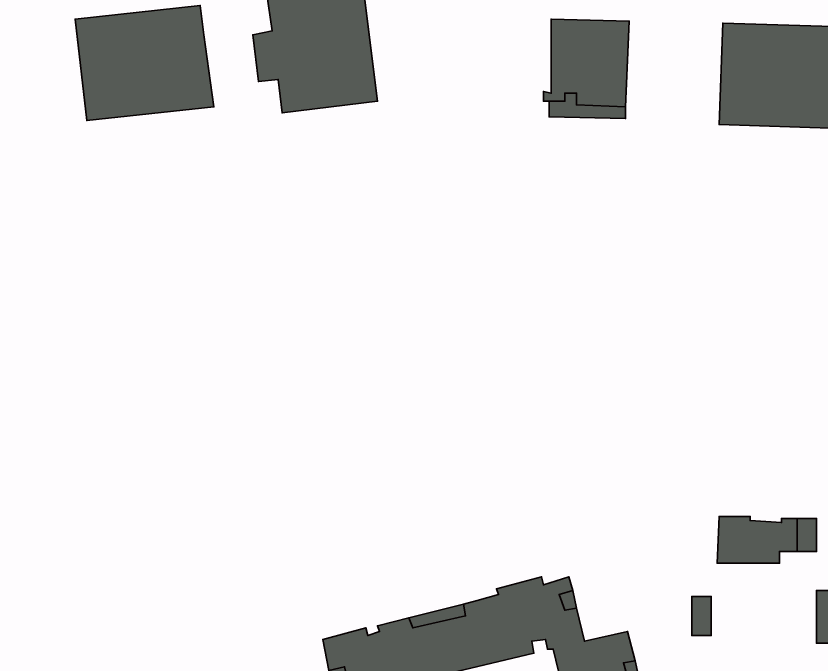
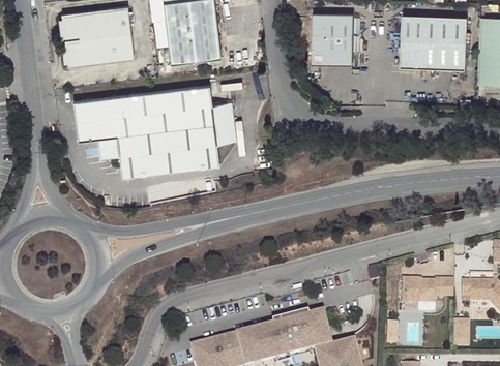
building: none -> [72,83,237,175]

